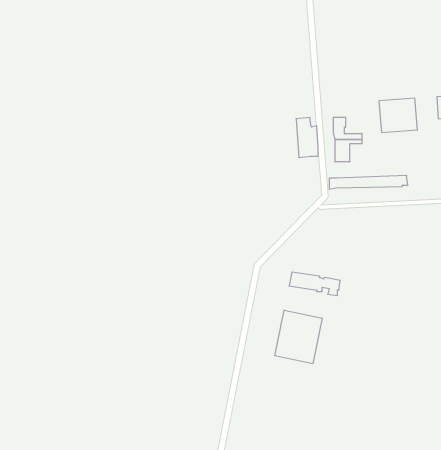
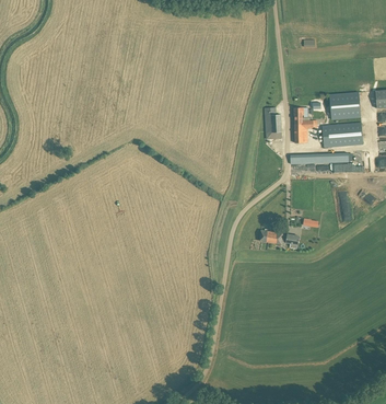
building: none -> [321,123,362,148]
building: [275,310,322,364] -> none

